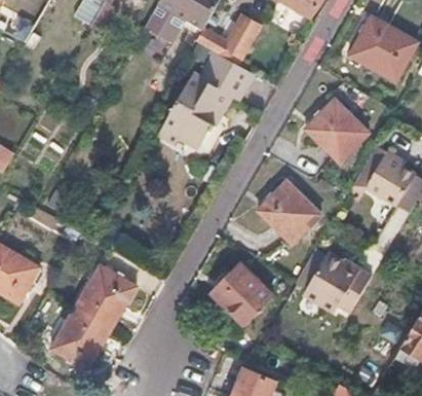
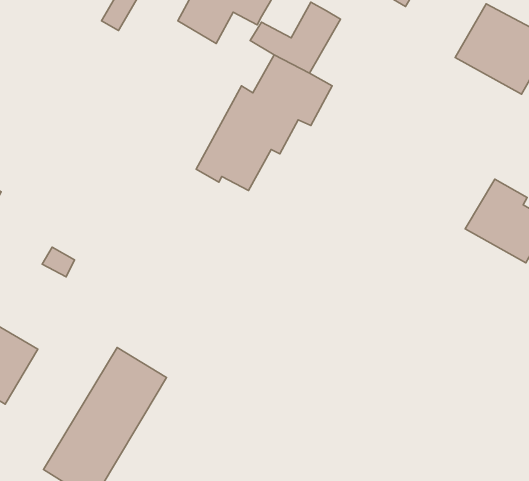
building: [301,94,373,165] -> none
building: [255,177,324,246] -> none
building: [295,247,372,311] -> none
building: [213,263,275,326] -> none

